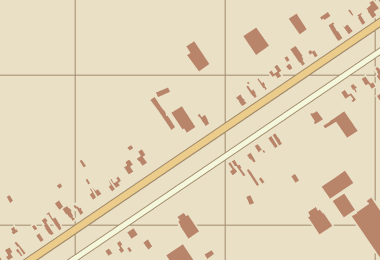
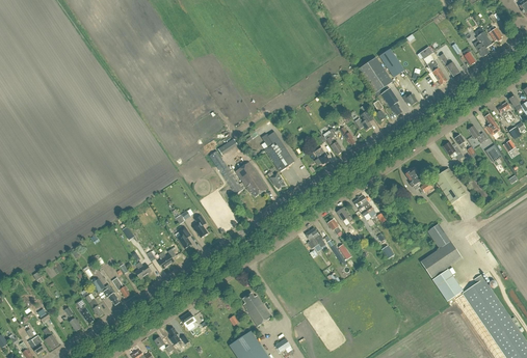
building: [242,26,270,56] -> [359,56,393,92]
building: [185,40,211,72] -> [263,131,294,170]
building: [307,206,334,235] -> none

